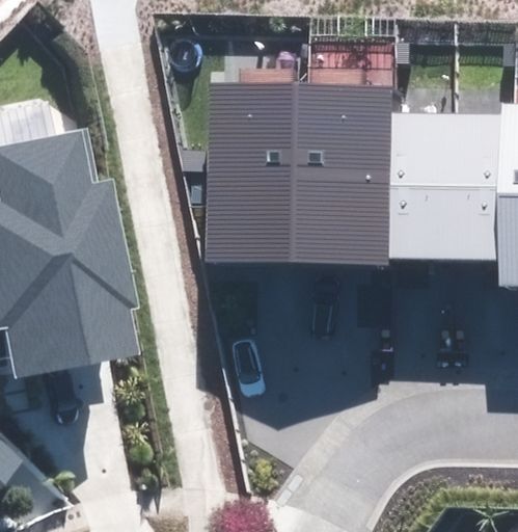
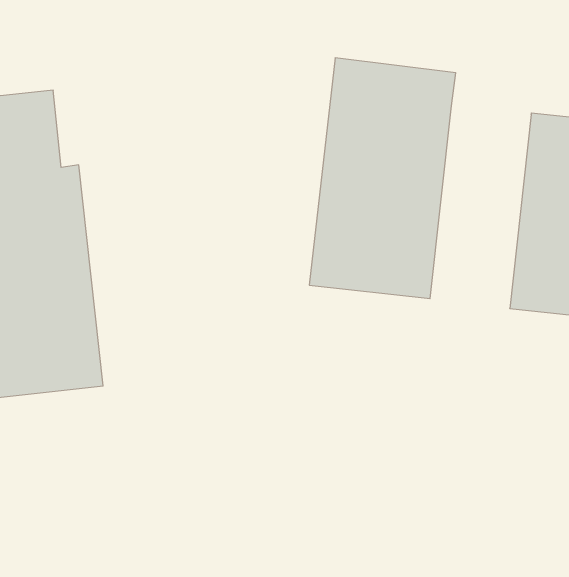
building: [209,80,295,260] -> none
building: [385,111,451,264] -> none

